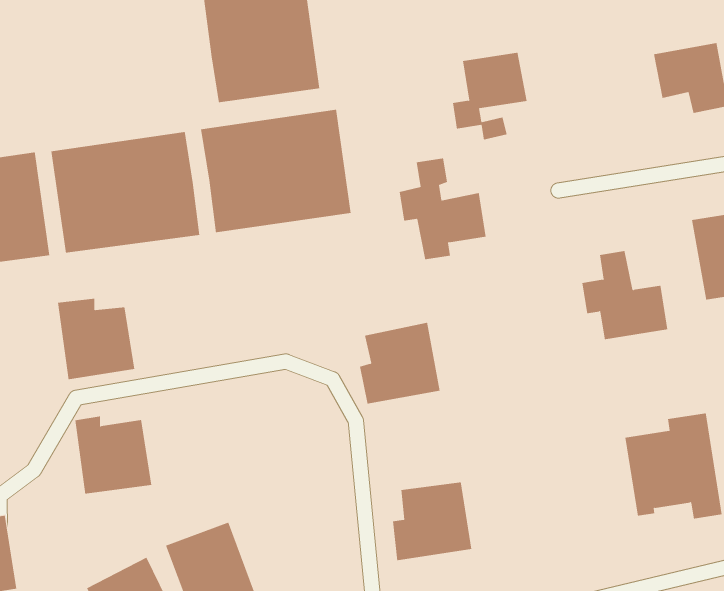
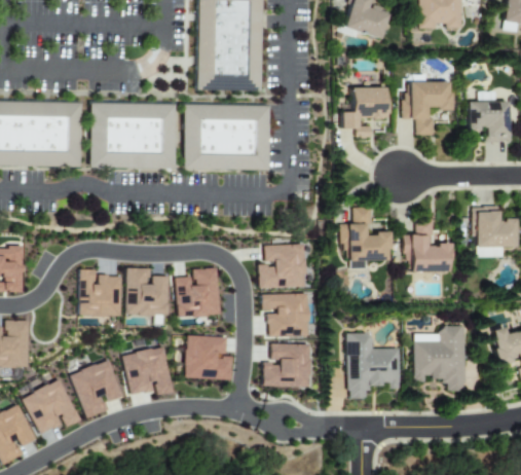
building: none -> [403,81,452,136]
building: [399,158,487,260] -> [339,208,388,268]
building: [57,298,135,380] -> [126,267,169,316]
building: none -> [176,267,220,317]
building: none -> [263,293,309,337]
building: none -> [348,332,400,399]
building: none -> [185,335,233,379]

